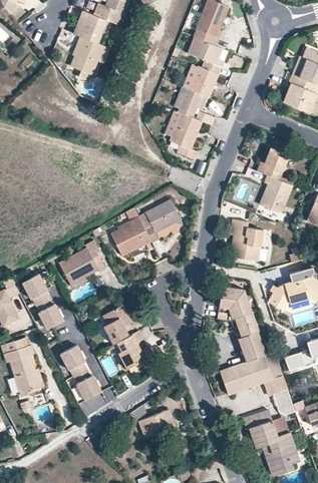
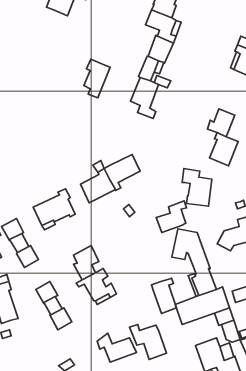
building: [72,35,102,79] -> [84,59,110,98]
building: none -> [156,201,186,232]
building: none -> [152,278,176,313]
building: none -> [130,324,166,360]

